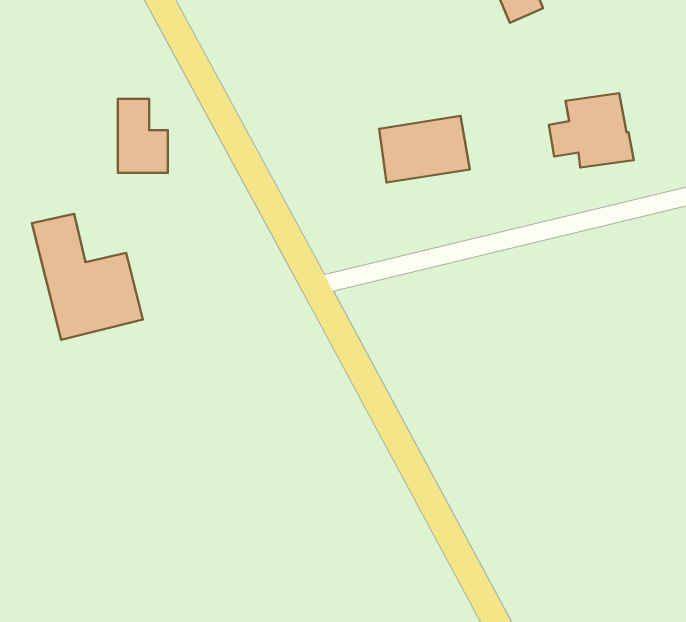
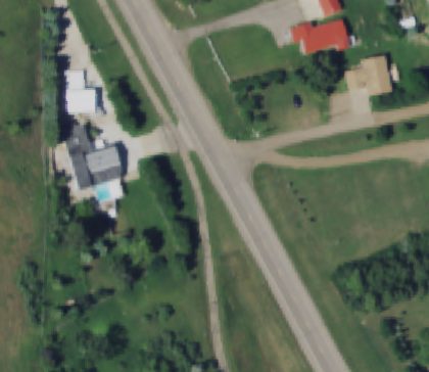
building: [118,99,168,173] -> [67,72,95,112]
building: [379,116,470,183] -> [298,18,348,55]

